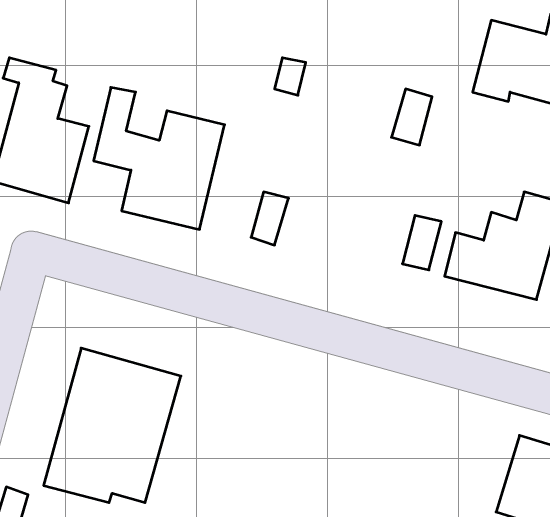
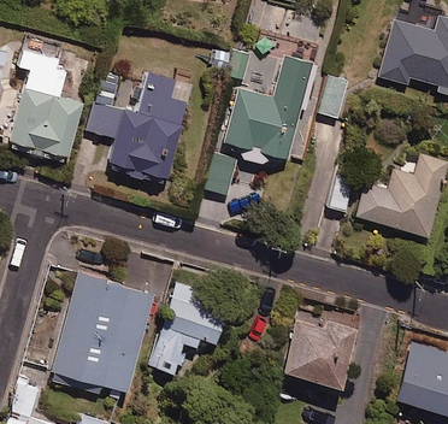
building: none -> [219,55,314,165]
building: none -> [149,285,228,372]
building: none -> [282,318,356,389]

